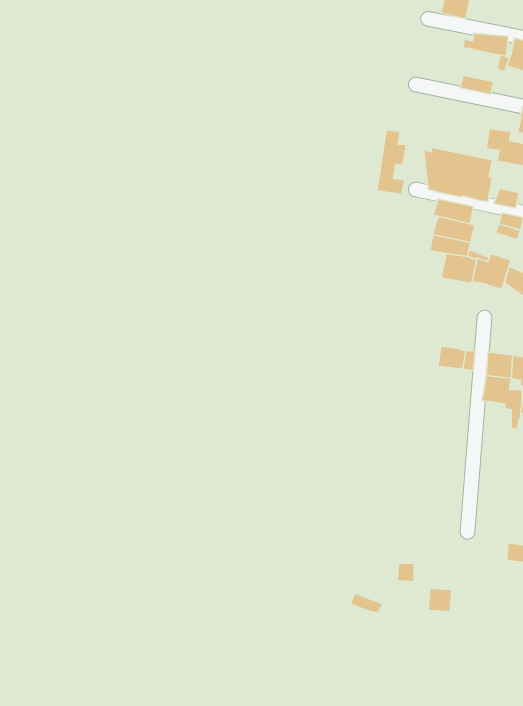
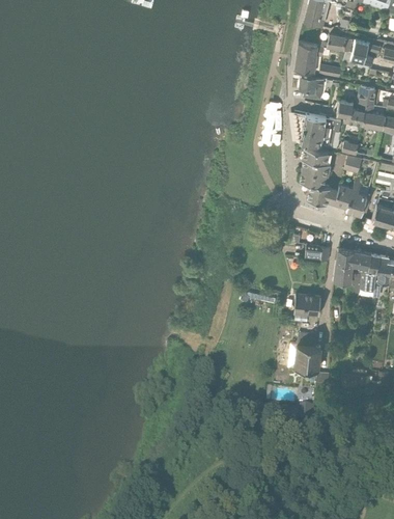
building: none -> [295,43,330,73]
building: none -> [300,76,323,101]
building: none -> [294,295,321,317]
building: none -> [289,333,321,371]

